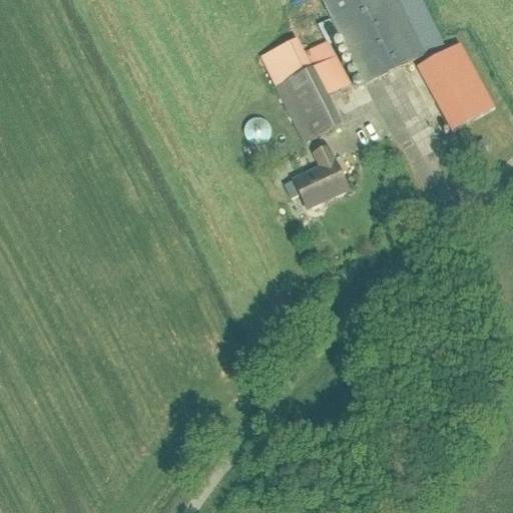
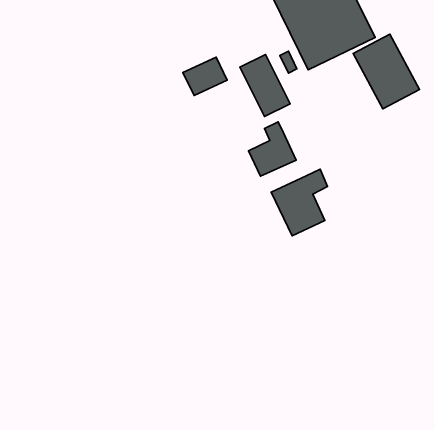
building: [263,32,315,77] -> [183,57,227,95]
building: none -> [271,169,328,236]

